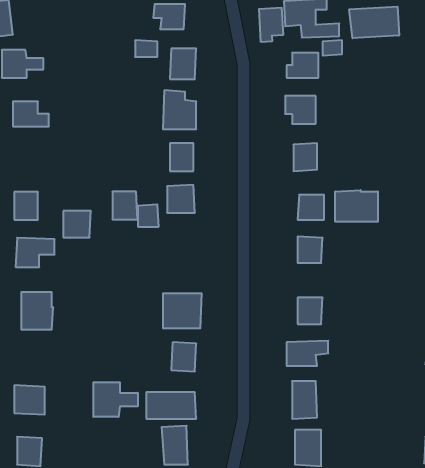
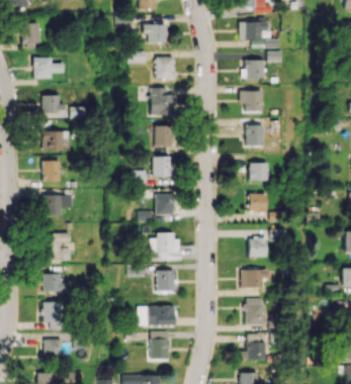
building: [349,7,399,38] -> none
building: [259,8,283,42] -> none
building: [335,190,378,222] -> none
building: [112,192,137,219] -> [156,194,174,214]
building: [63,211,91,237] -> [42,131,63,151]
building: none -> [42,273,65,292]
building: [93,382,138,417] -> none

